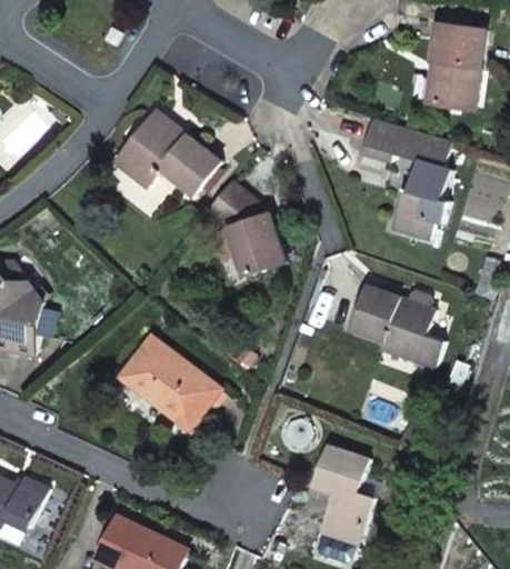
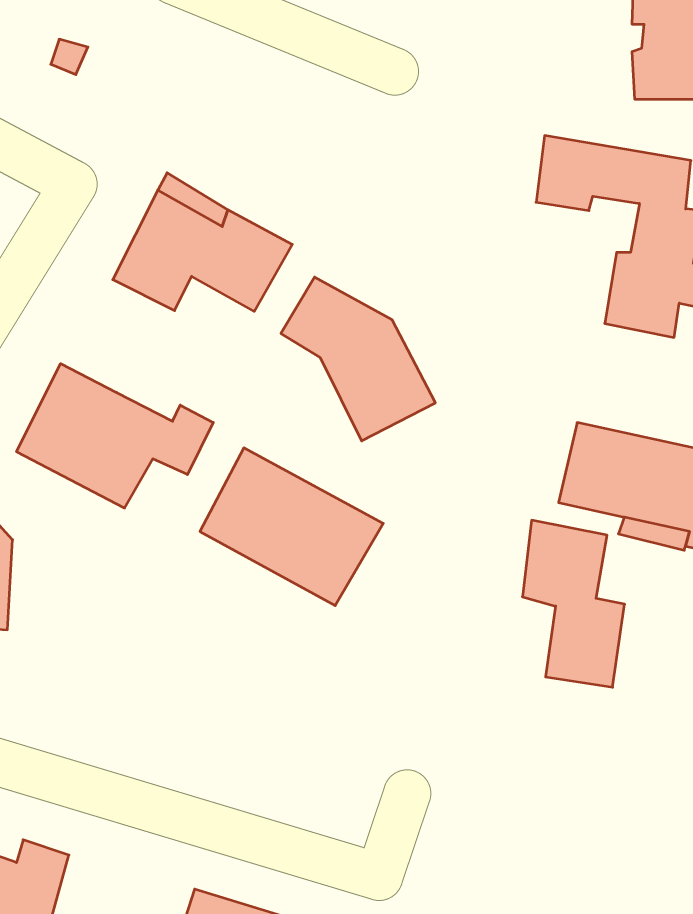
building: none -> [17,364,213,508]
building: [118,331,221,427] -> [200,448,383,606]
building: [312,443,369,543] -> [522,520,625,687]

